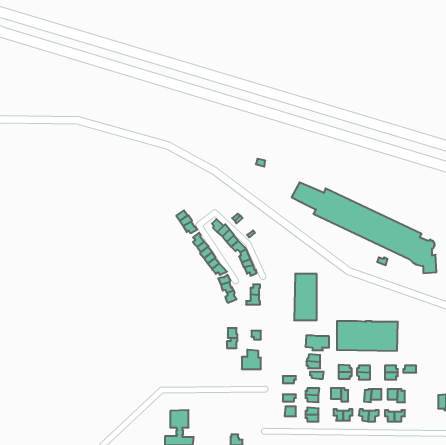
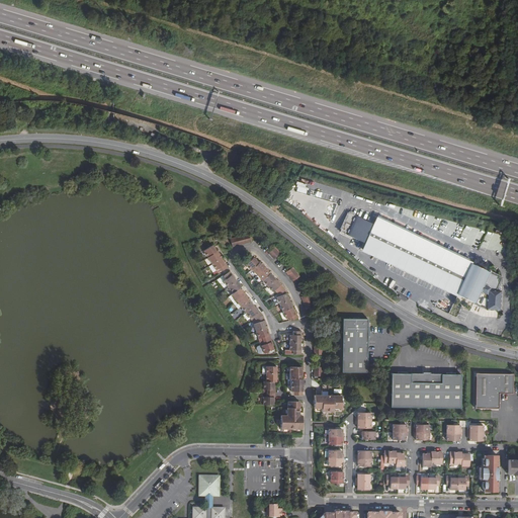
building: none -> [476,373,513,408]
building: [305,335,329,350] -> [314,394,341,411]
building: none -> [479,454,497,491]

